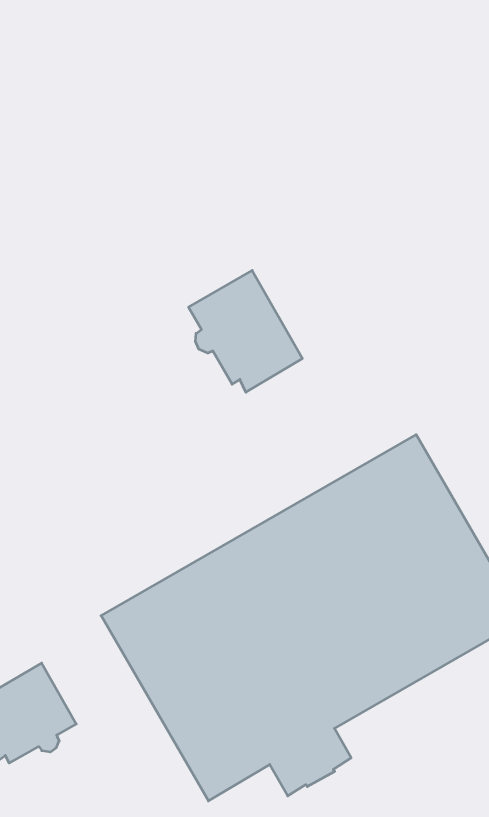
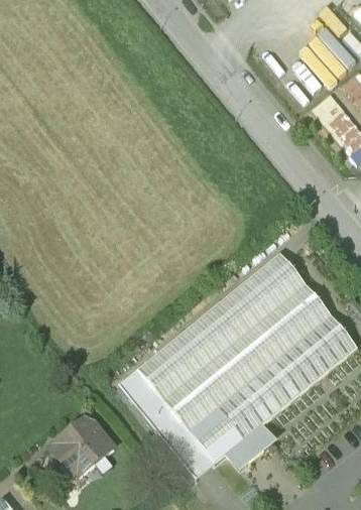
building: [189,270,302,392] -> none

